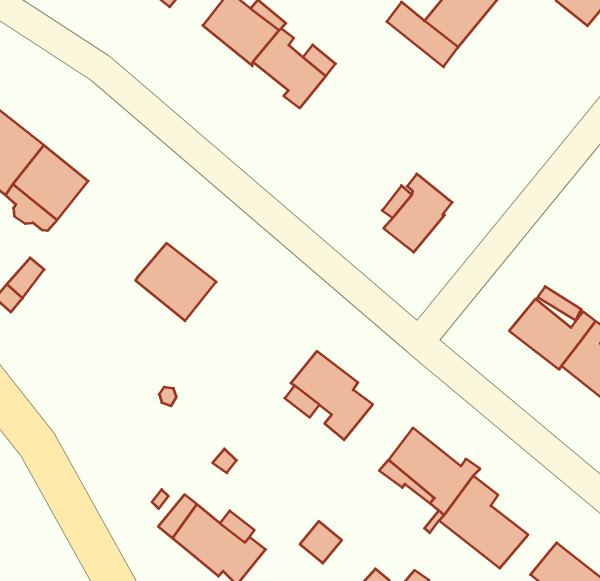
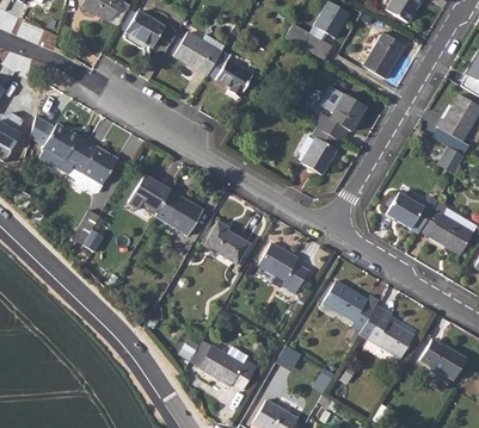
building: none -> [362,32,405,80]
building: none -> [317,87,366,142]
building: none -> [128,174,171,212]
building: none -> [204,221,250,263]

